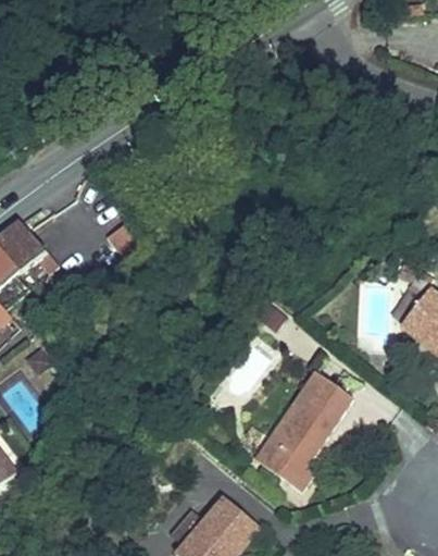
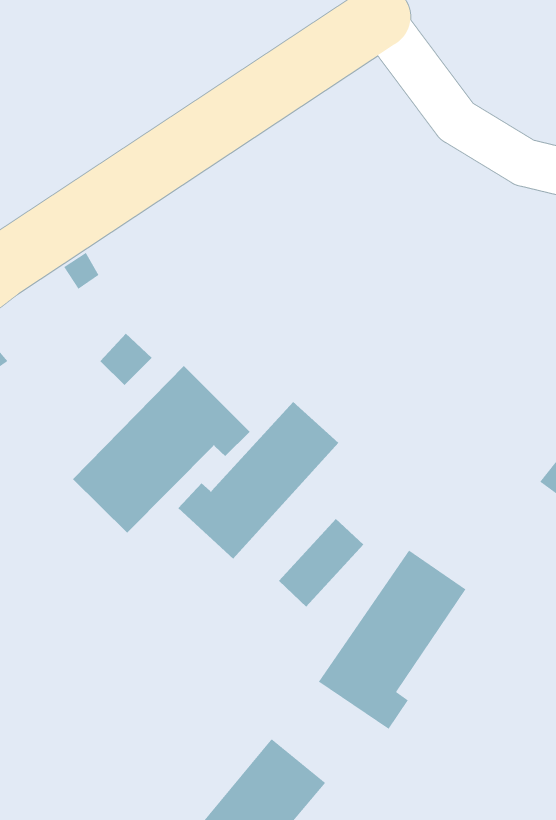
building: none -> [72,365,251,534]
building: none -> [178,401,339,560]

